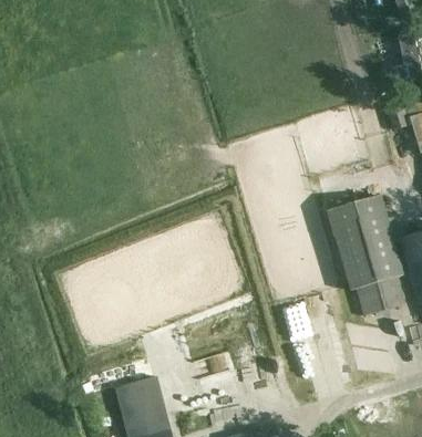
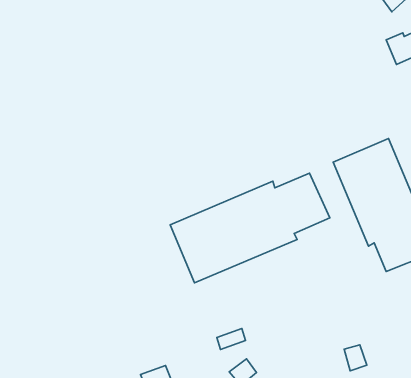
building: none -> [170,173,330,283]

